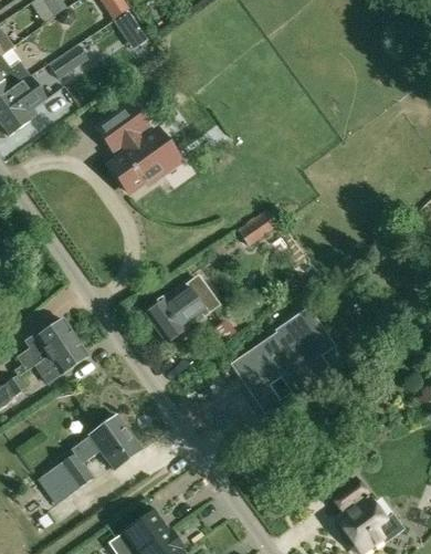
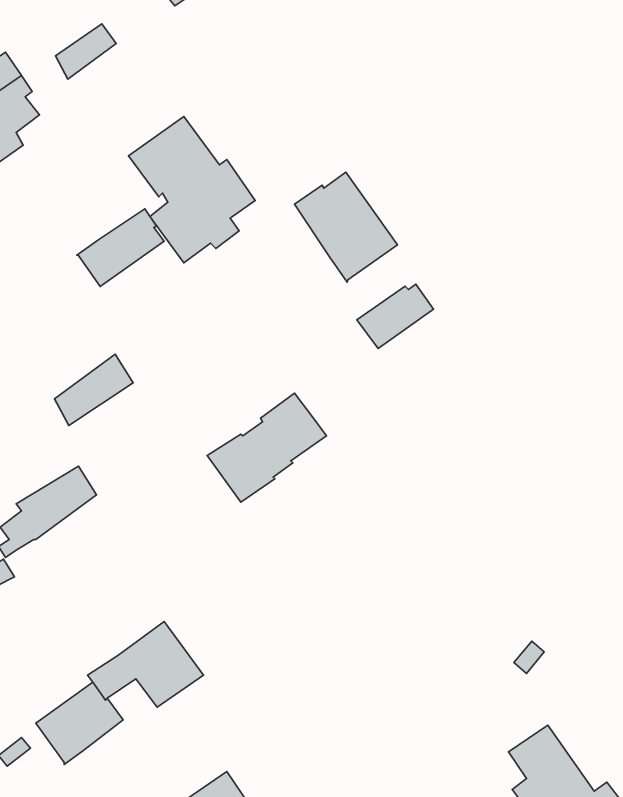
building: none -> [295,172,398,282]
building: none -> [77,209,164,287]
building: [233,317,329,437] -> none
building: [39,336,87,380] -> [55,354,133,426]

